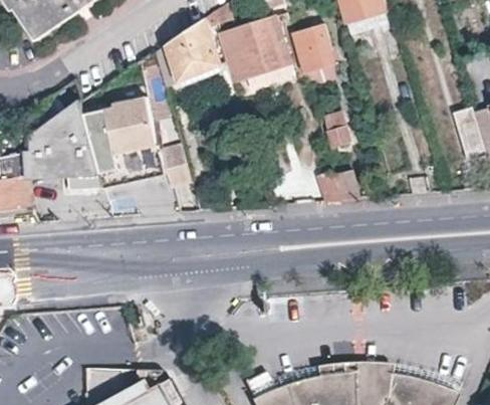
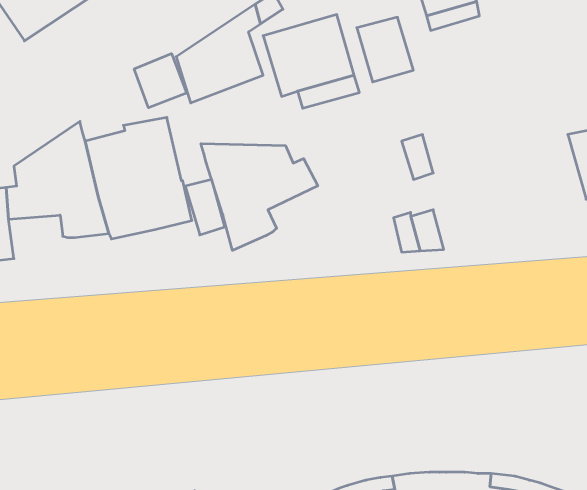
building: none -> [134,54,186,108]
building: none -> [201,144,318,250]

